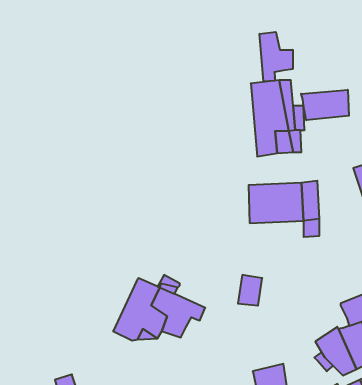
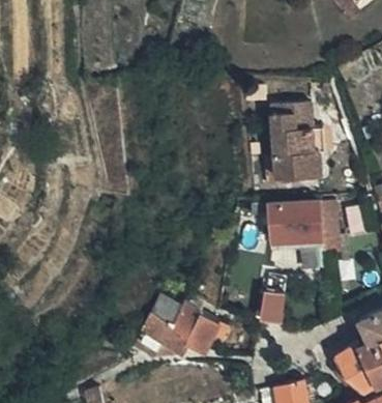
building: [260,32,293,81] -> none
building: [301,90,349,120] -> none

